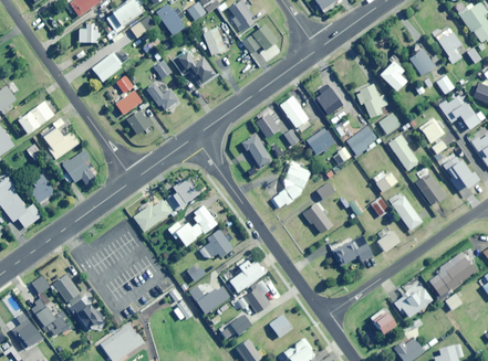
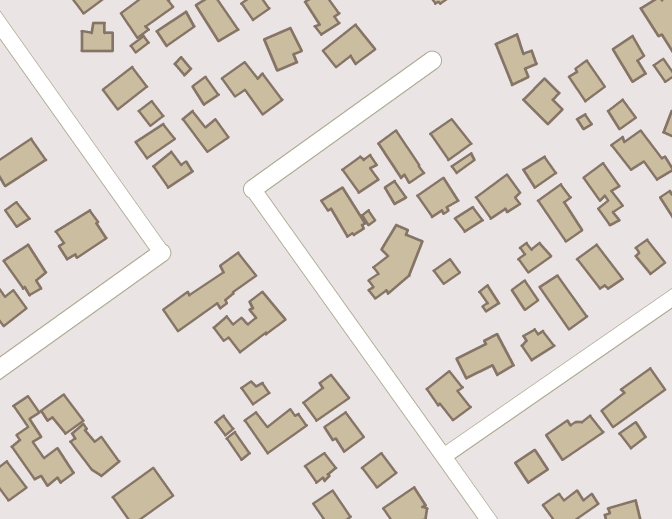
building: [360,83,387,117] -> [496,34,537,85]
building: [41,117,79,159] -> none
building: [303,200,333,233] -> [427,371,471,420]
building: [199,227,232,256] -> none

